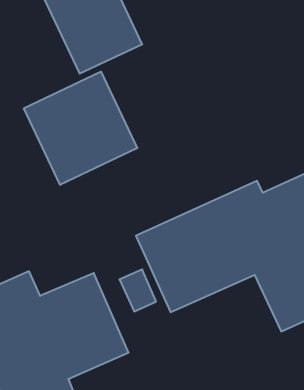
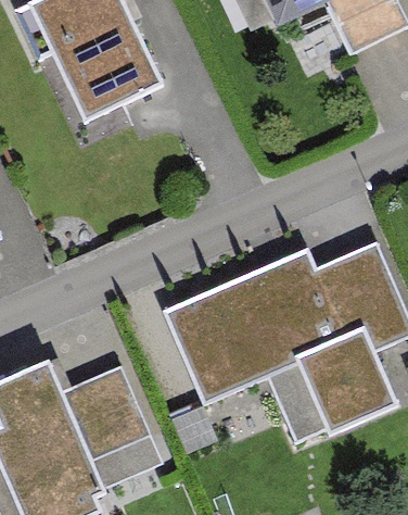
building: [24,72,137,185] -> none

